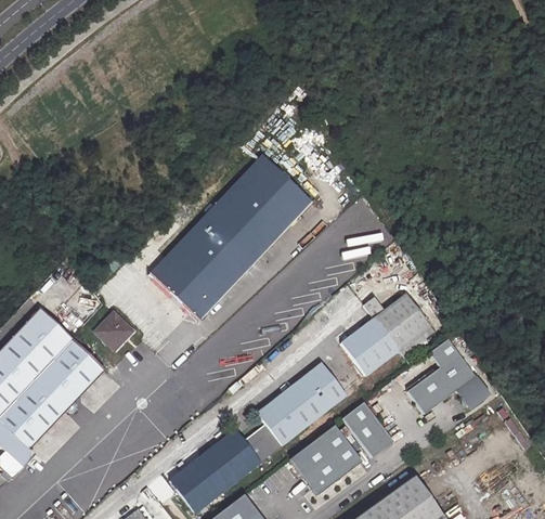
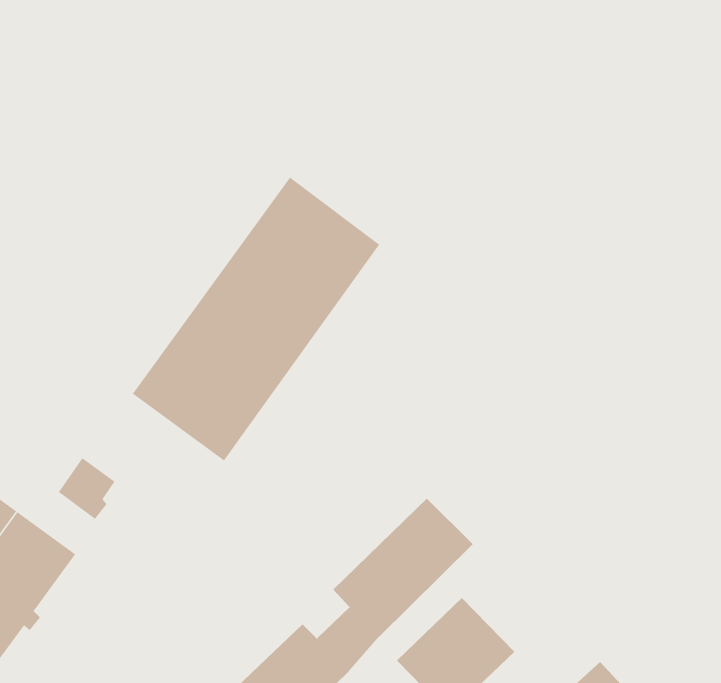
building: [342,294,434,374] -> none
building: [406,338,486,414] -> none
building: [342,402,393,457] -> none

